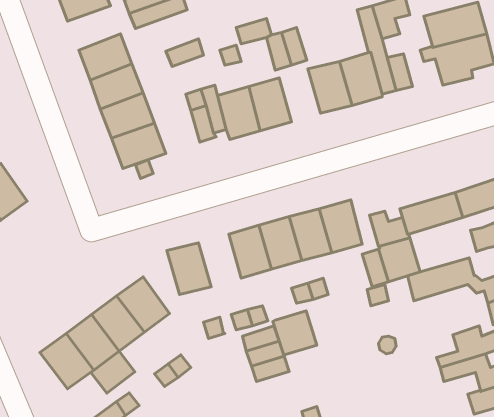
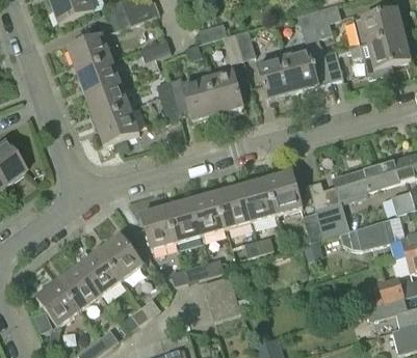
building: none -> [167,199,203,243]
building: [273,311,317,355] -> none
building: [91,351,135,393] -> none

